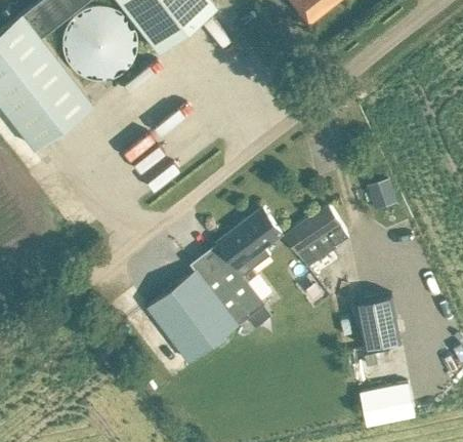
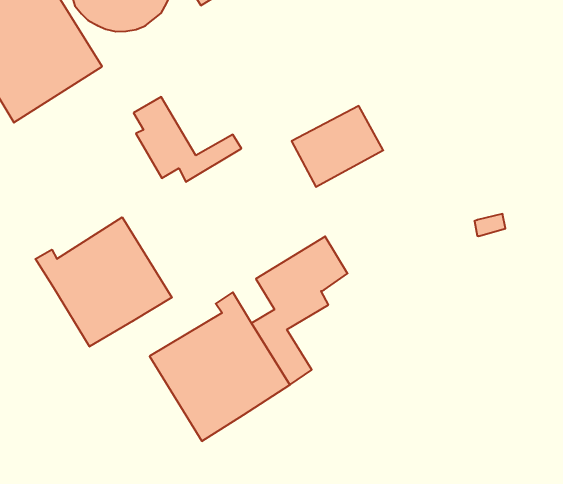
building: [283,208,348,269] -> [292,106,383,187]
building: none -> [35,217,172,347]
building: [353,295,401,349] -> none

